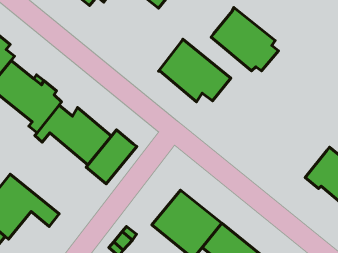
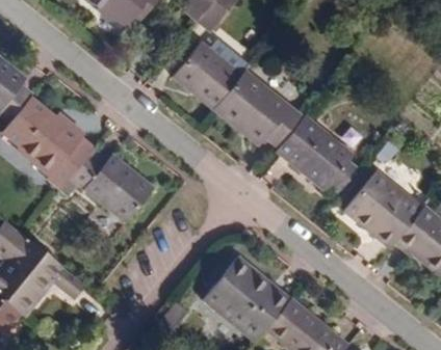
building: [211,8,279,71] -> [275,113,358,191]
building: none -> [172,41,239,109]
building: none -> [341,170,419,246]
building: [86,130,137,184] -> none

